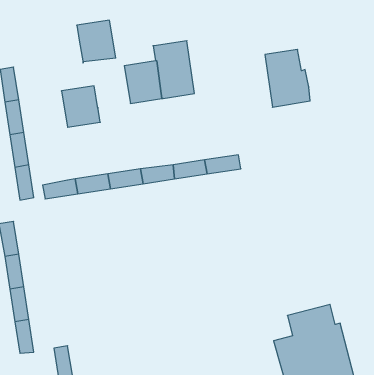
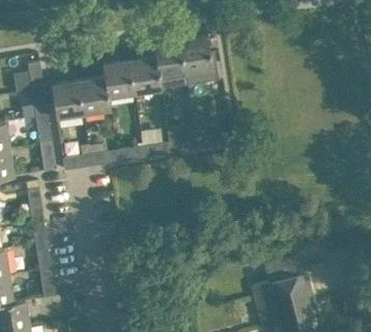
building: [77,20,116,63] -> [103,62,135,97]
building: [265,49,310,107] -> [181,37,218,84]
building: none -> [51,82,83,116]

